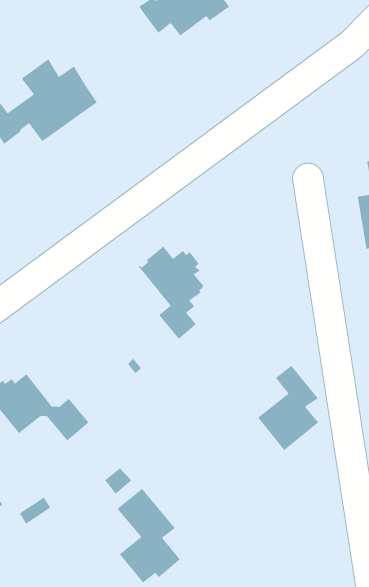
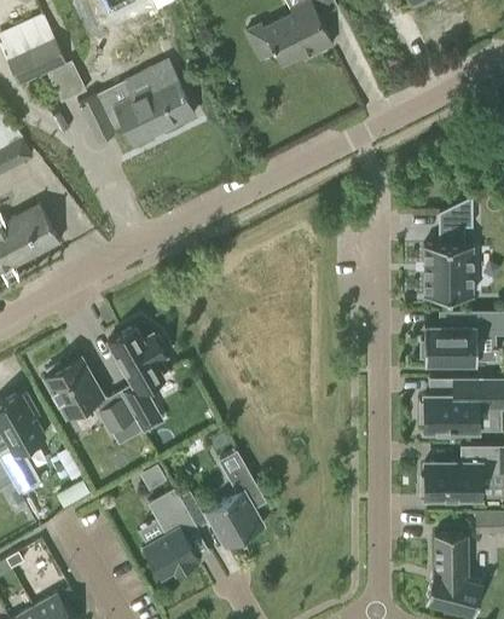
building: [137,245,204,340] -> [108,326,168,418]
building: [257,365,319,451] -> [205,467,267,548]

